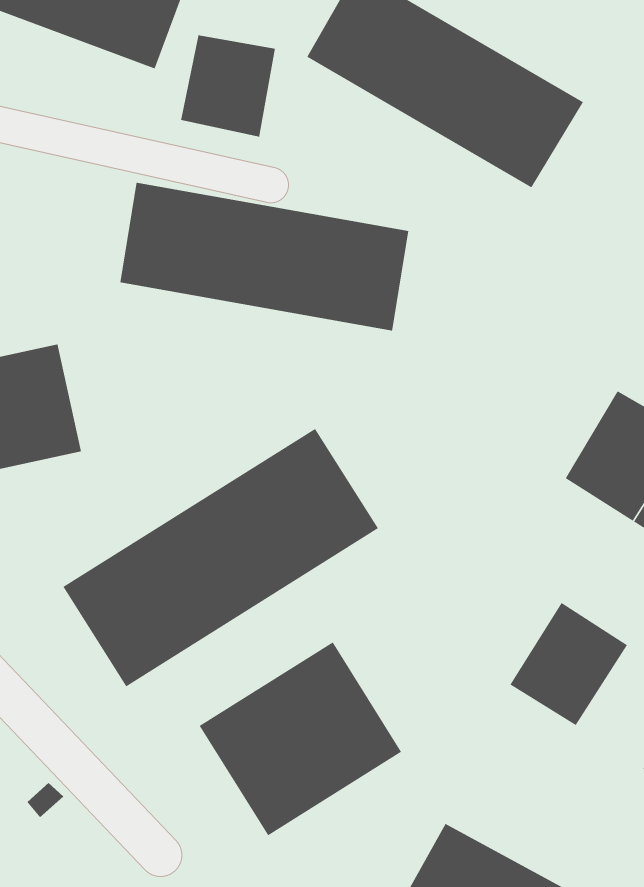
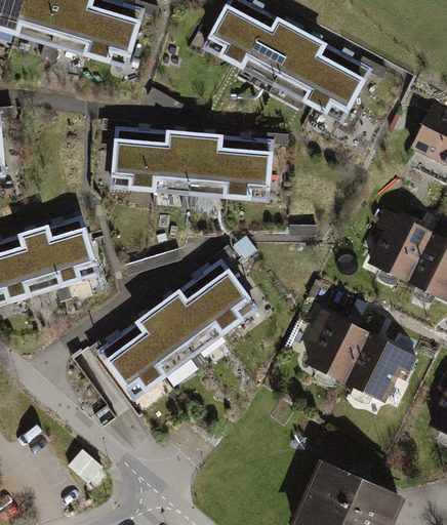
building: [181,35,275,137] -> none
building: none -> [301,315,372,386]
building: [199,641,402,836] -> none

